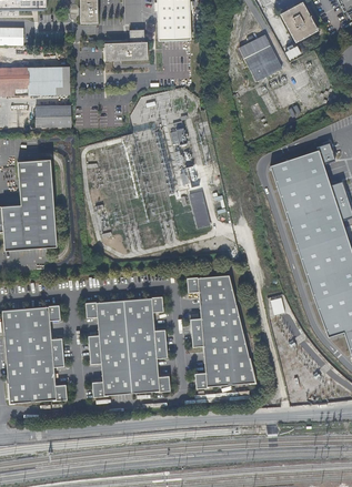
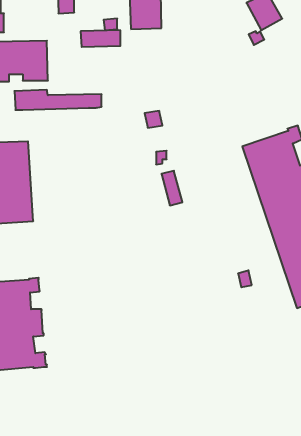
building: [239,33,283,82] -> none
building: [187,274,257,387] -> none
building: [86,295,170,396] -> none

